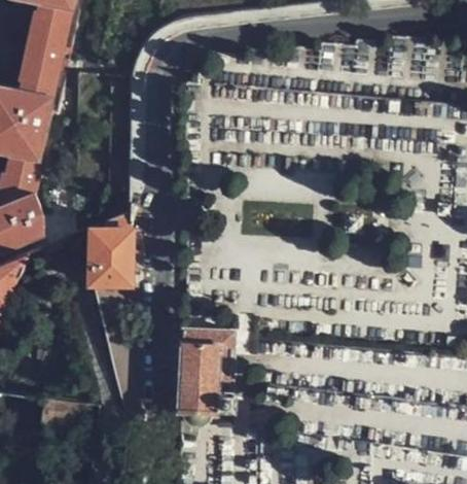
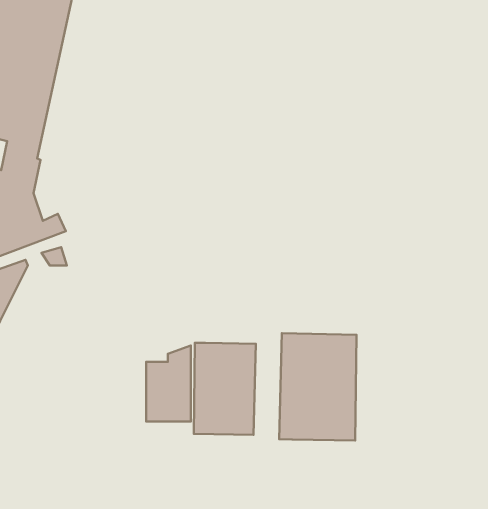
building: [88,217,129,285] -> [146,346,191,422]
building: none -> [279,333,357,441]

